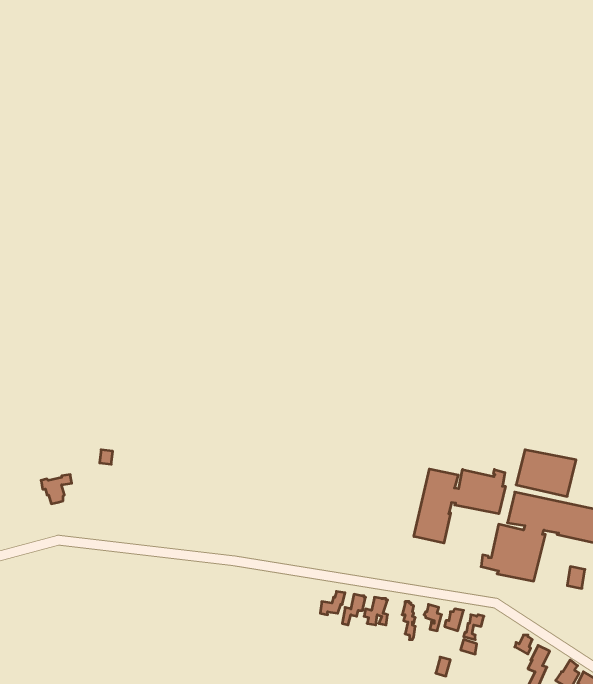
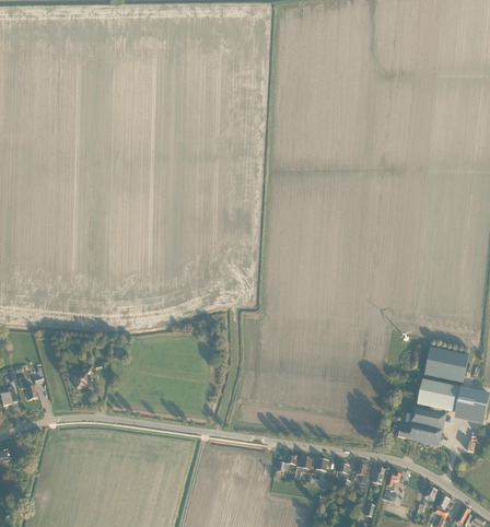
building: [414,469,505,543] -> none

